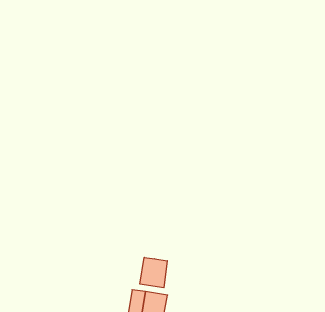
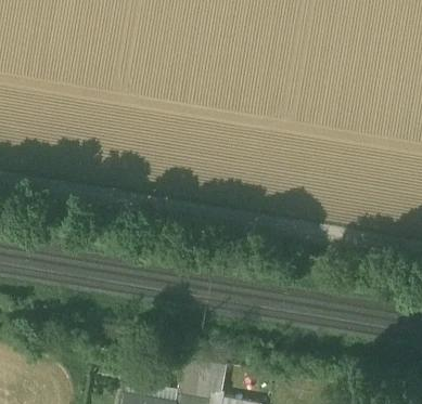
building: [140,257,167,288] -> none

